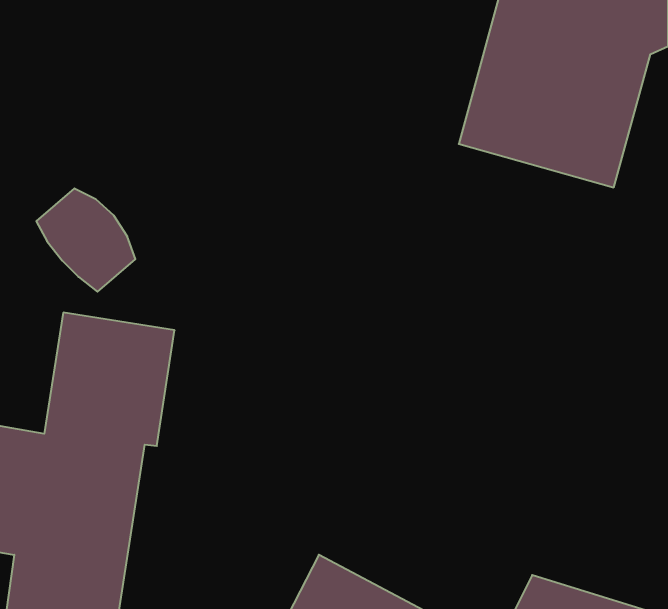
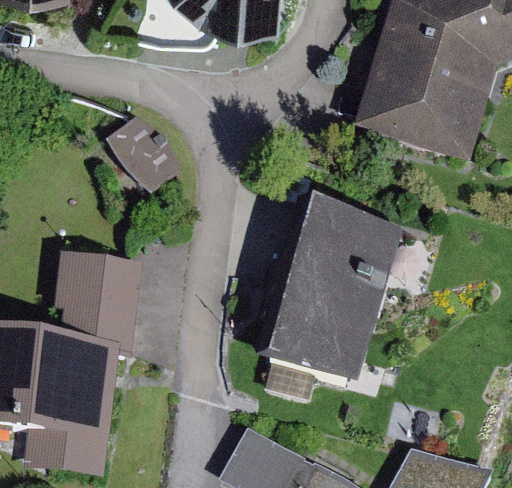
building: [36,188,135,292] -> [107,114,180,190]
building: none -> [260,206,397,384]

